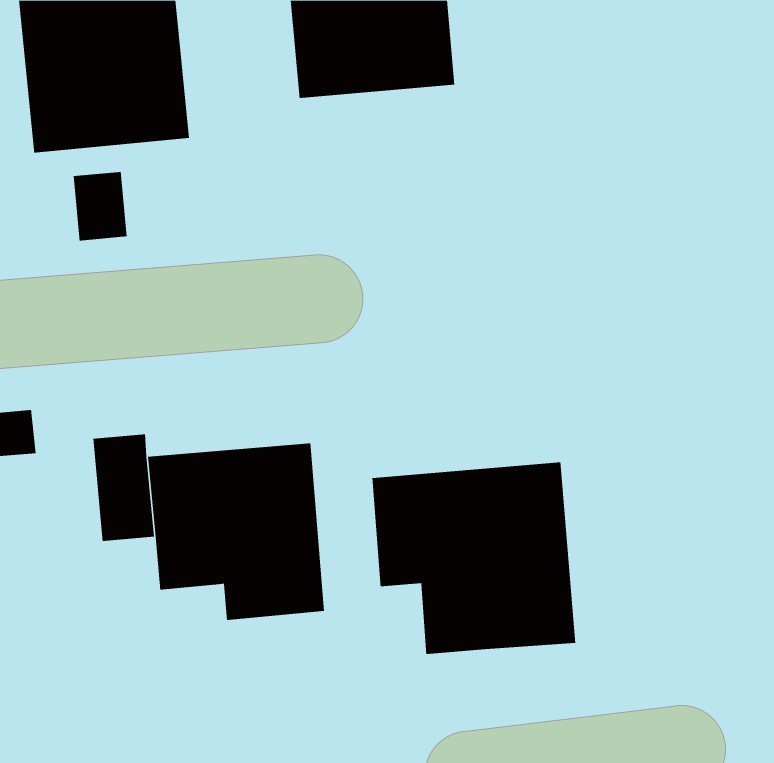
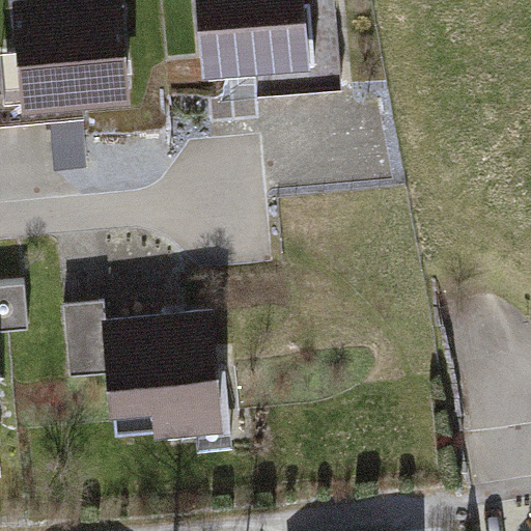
building: [372,461,576,655] -> none

